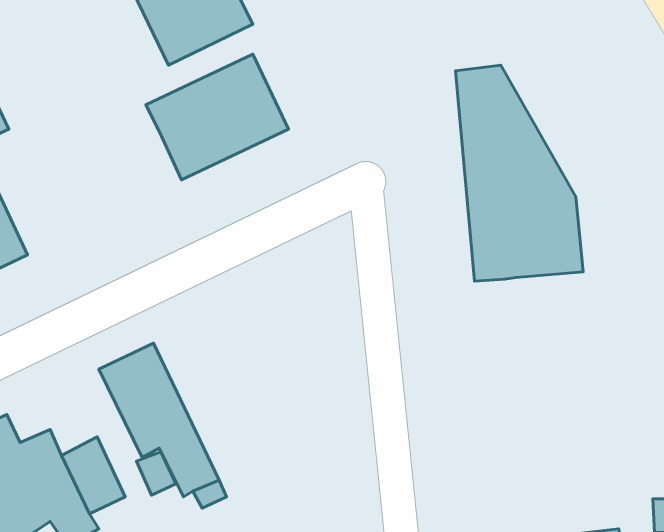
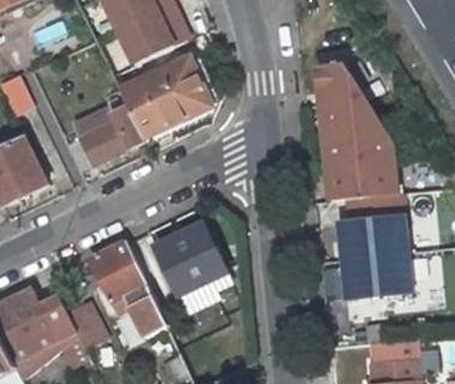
building: none -> [64,95,143,172]
building: none -> [338,196,409,299]
building: none -> [147,219,233,308]

